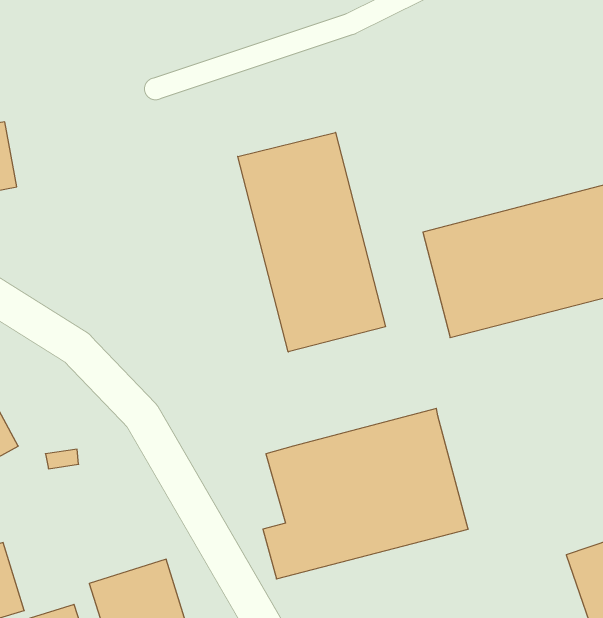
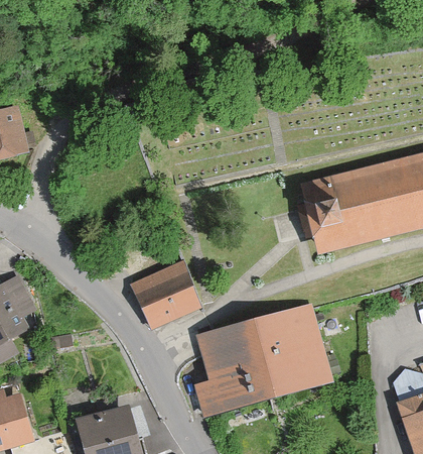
building: [238,132,385,352] -> none
building: none -> [127,256,202,330]

